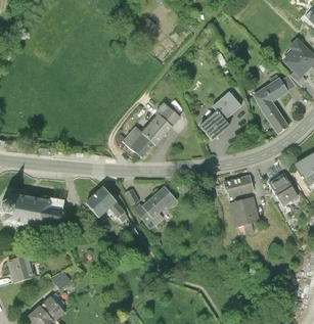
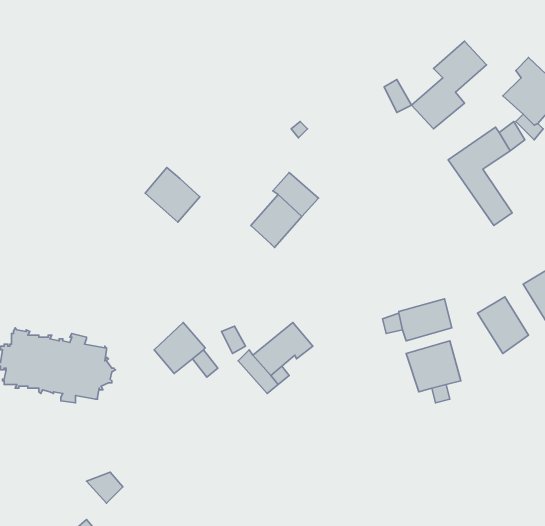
building: [198,92,240,141] -> [412,41,487,129]
building: [122,127,152,157] -> [145,167,200,222]
building: [6,256,32,281] -> none

